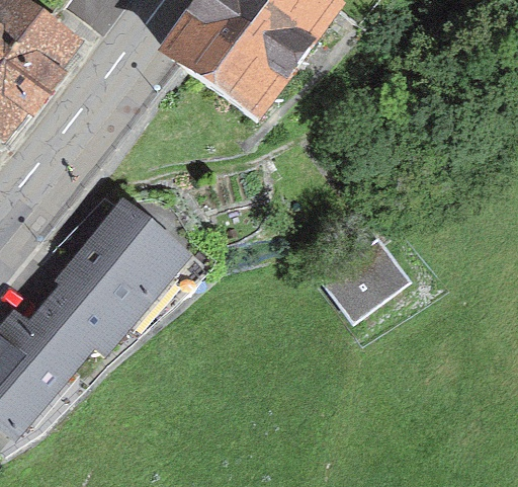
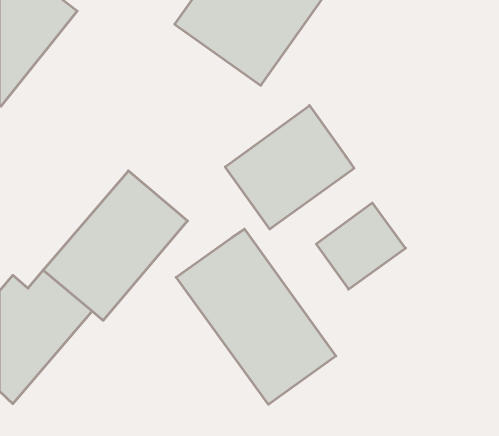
building: none -> [225,105,354,229]
building: none -> [176,229,336,404]

